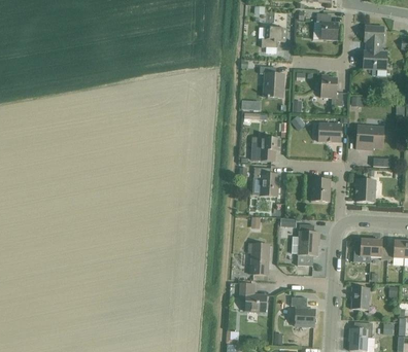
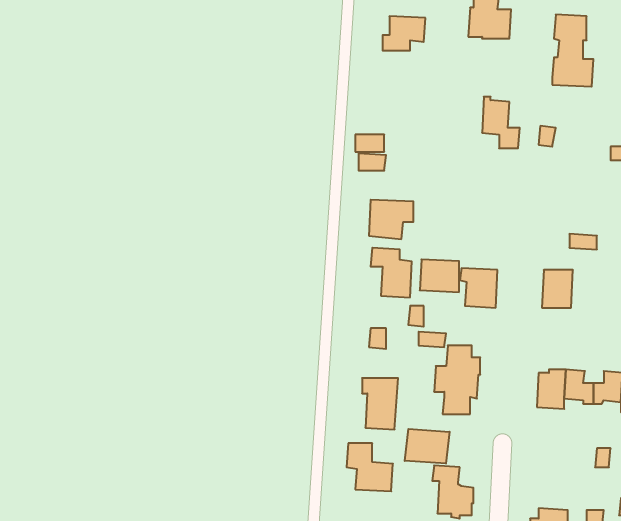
building: [259,67,283,98] -> none
building: [317,122,341,142] -> [420,259,459,292]
building: [355,126,384,149] -> none
building: none -> [405,429,450,464]
building: [351,287,370,310] -> none

